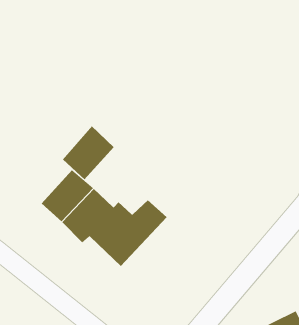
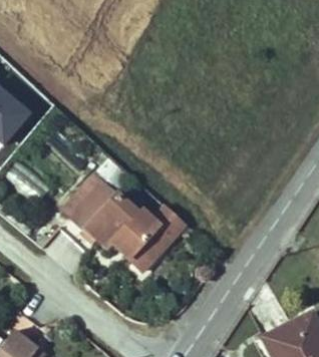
building: [62,126,115,180] -> none

